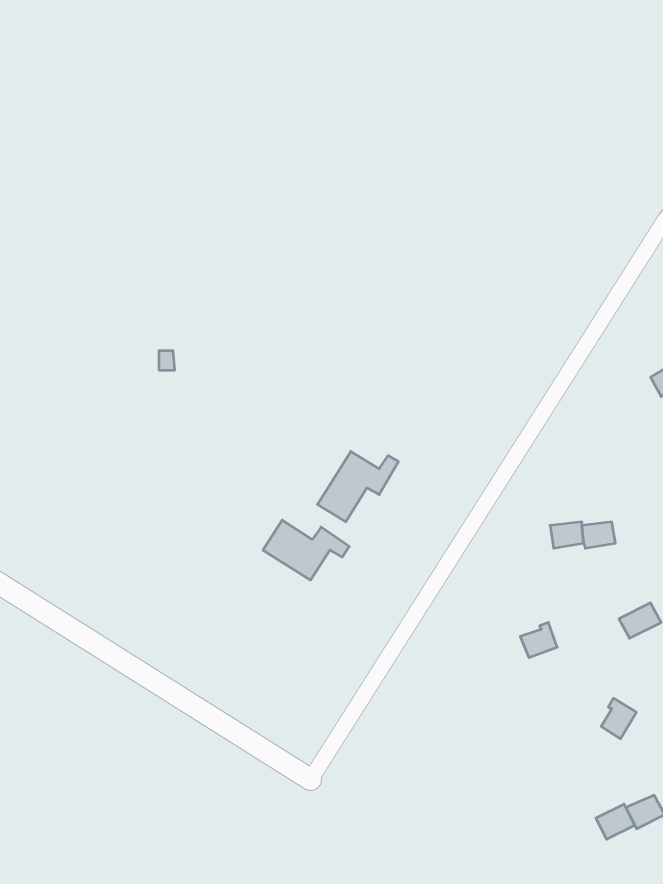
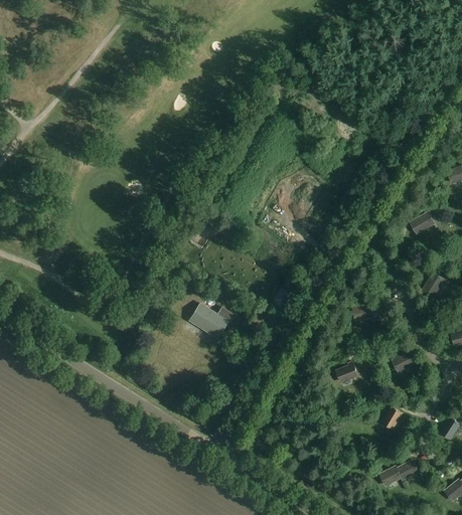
building: [317,451,398,522] -> none

